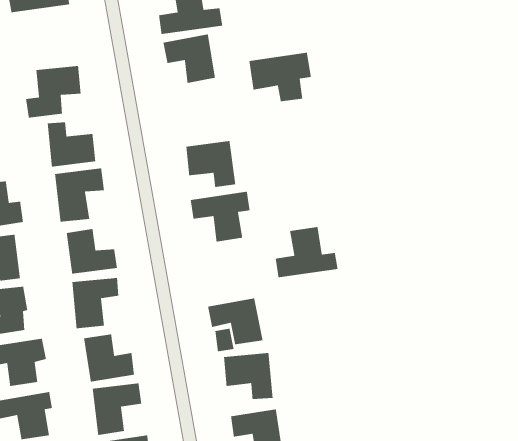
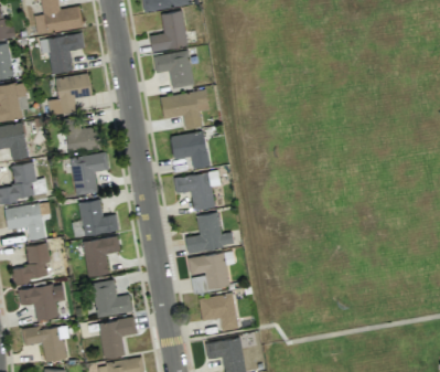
building: none -> [40,34,85,74]
building: [248,52,312,102] -> [161,91,210,129]
building: [275,226,338,278] -> [185,213,234,253]

